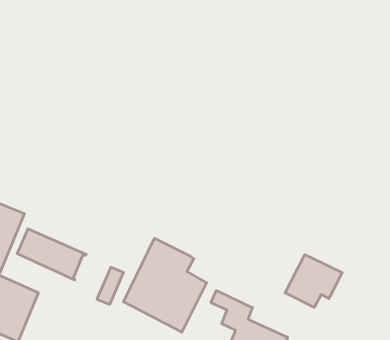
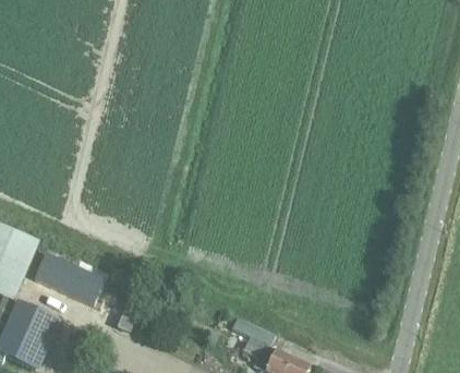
building: [124,238,207,332] -> none
building: [285,255,342,307] -> none

